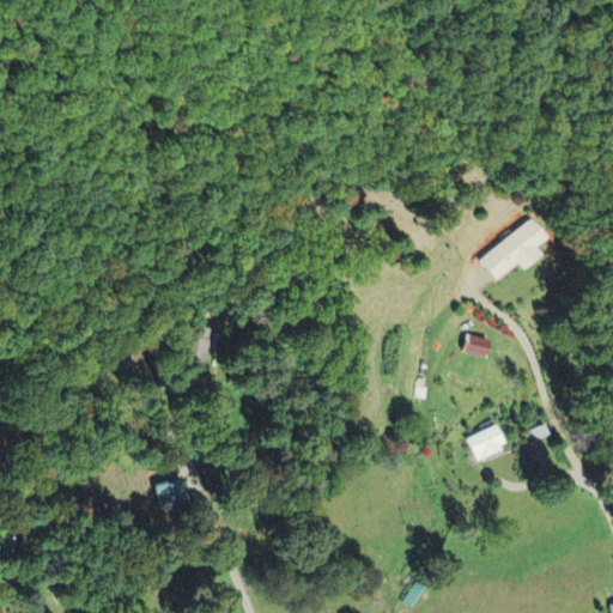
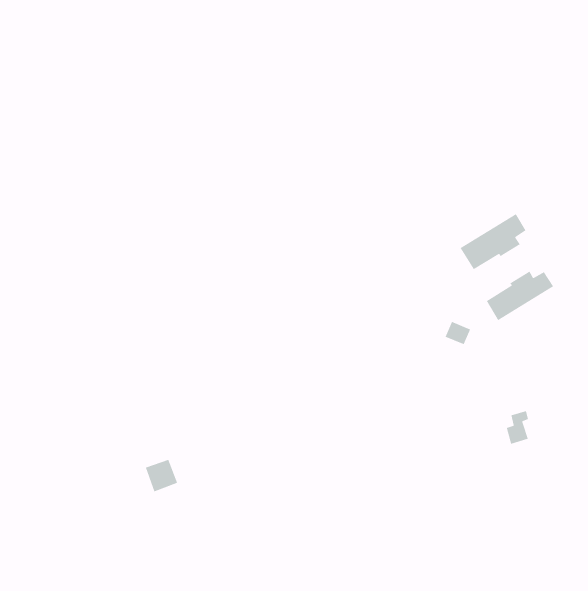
building: none -> [486,271,554,321]
building: [467,424,504,460] -> none

